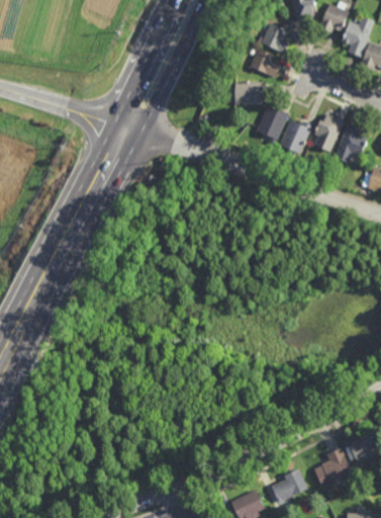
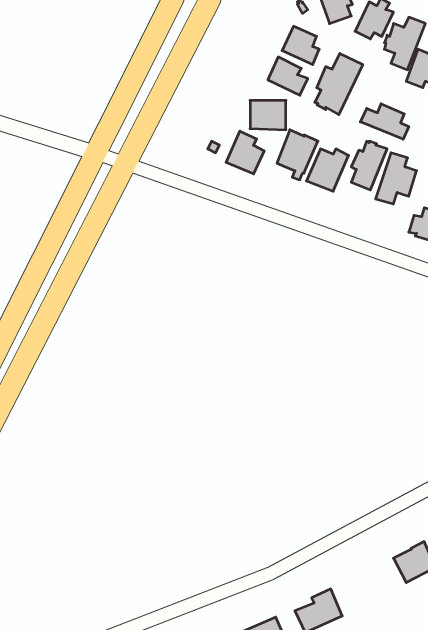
building: none -> [315,53,363,115]
building: none -> [360,104,409,139]
building: none -> [226,131,264,174]
building: [313,447,354,489] -> none

